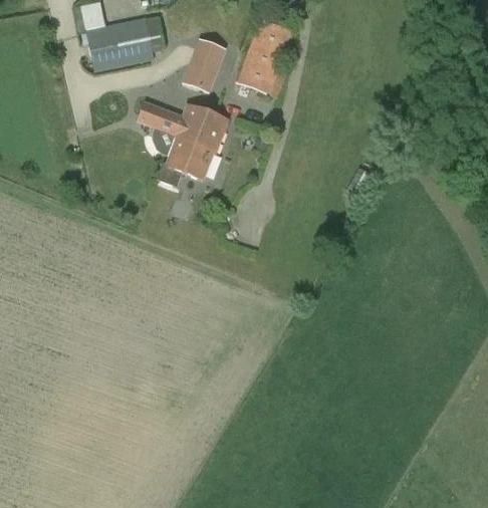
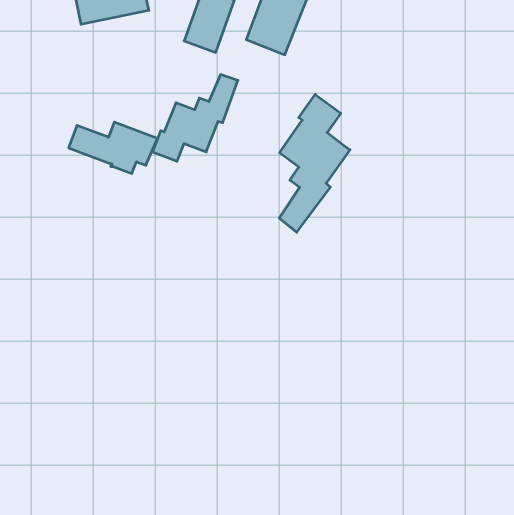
building: [139,98,215,143] -> [69,122,158,173]
building: none -> [279,94,350,232]

